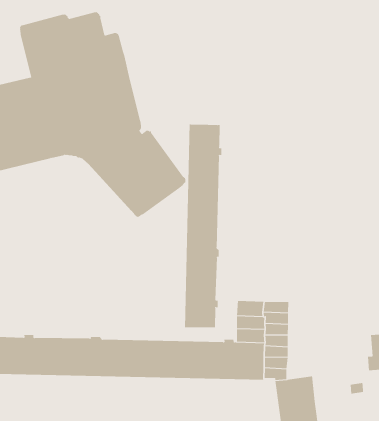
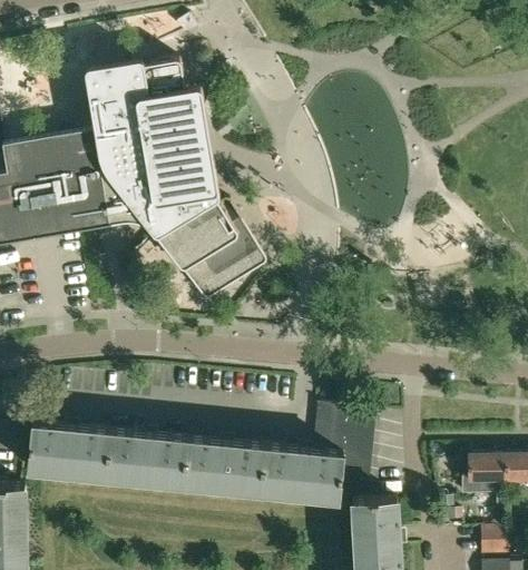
building: [184,124,222,328] -> none

